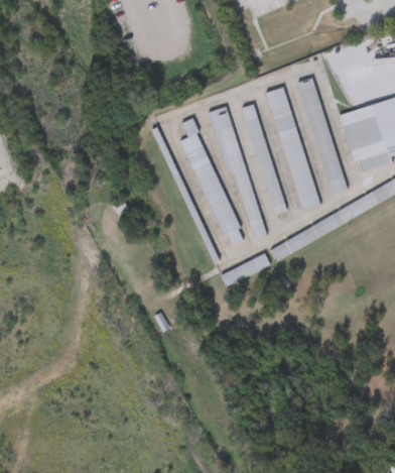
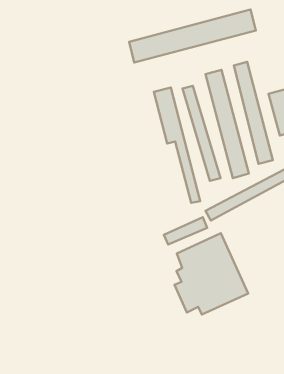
building: none -> [129,10,256,63]
building: [181,119,244,247] -> none
building: none -> [175,233,248,314]

